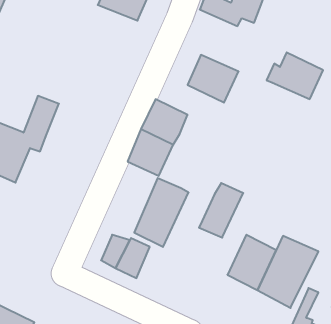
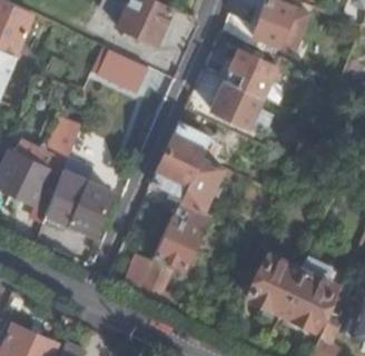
building: none -> [90,47,148,96]
building: [267,52,323,99] -> [218,48,275,95]
building: none -> [42,160,107,234]
building: [199,183,243,238] -> [180,157,225,211]

